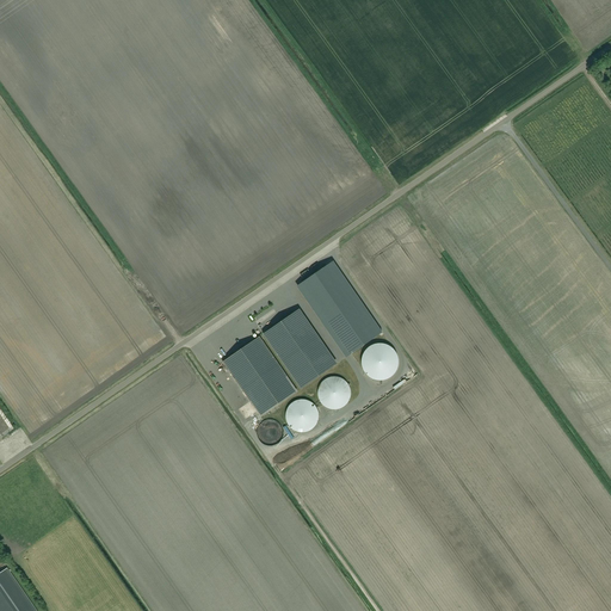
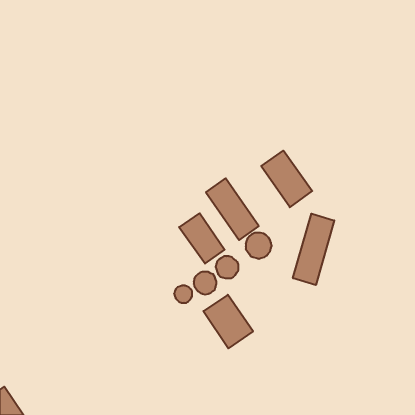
building: none -> [261,151,312,207]
building: none -> [293,214,334,285]
building: [222,337,295,415] -> [203,295,253,348]

